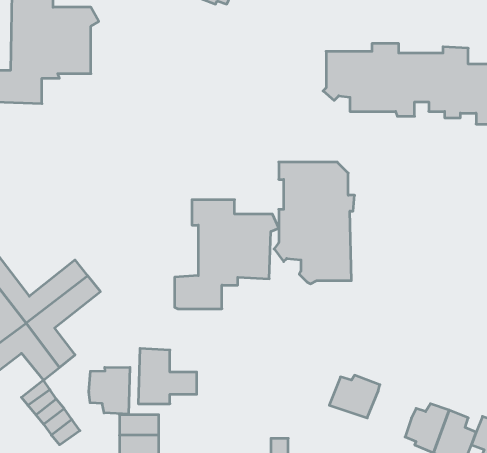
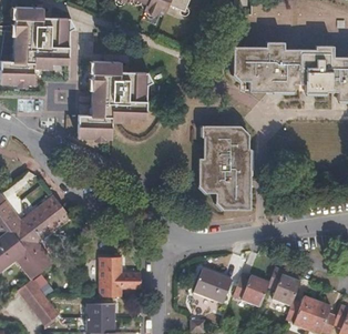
building: [175,200,279,309] -> [76,62,150,139]
building: none -> [268,267,300,306]
building: none -> [194,270,233,303]
building: [89,367,130,414] -> none

